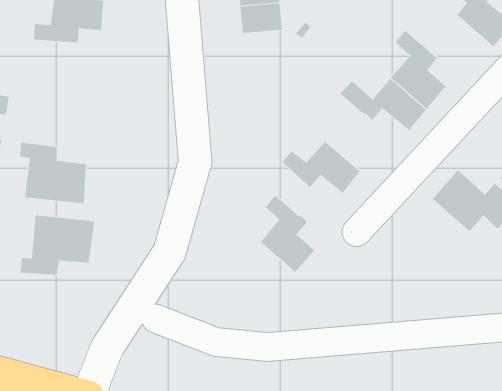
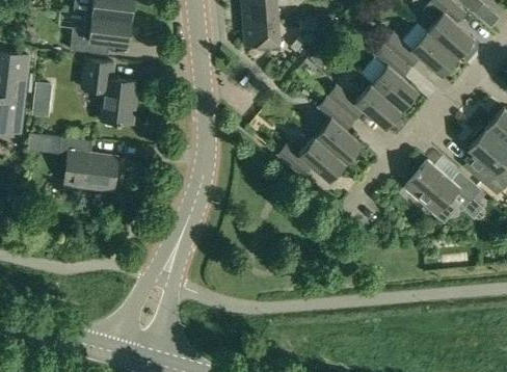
building: none -> [383,30,458,75]
building: none -> [81,59,135,124]
building: [260,195,315,273] -> [316,97,363,162]
building: [20,215,95,276] -> none

